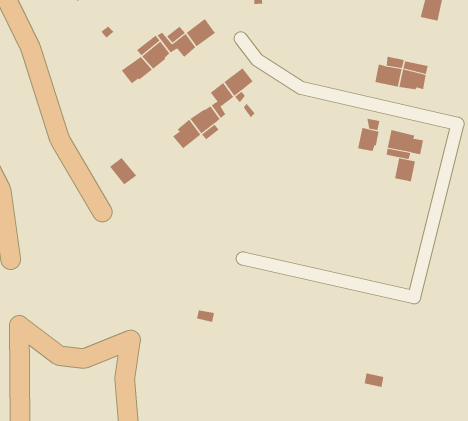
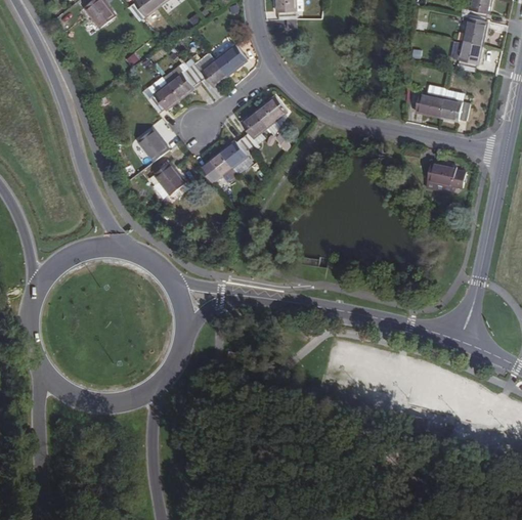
building: none -> [456,43,481,72]
building: none -> [138,128,169,161]
building: [358,127,379,152] -> none
building: [109,157,137,185] -> [156,163,185,192]
building: [394,158,416,182] -> none

